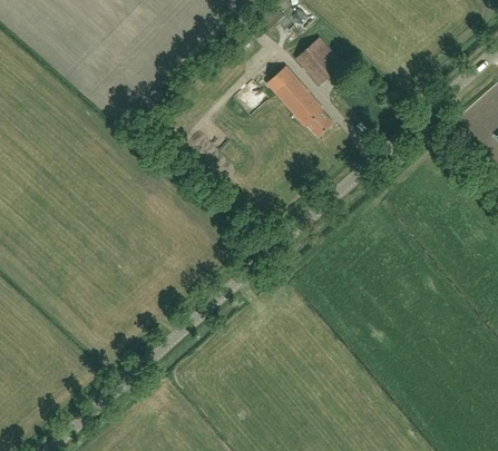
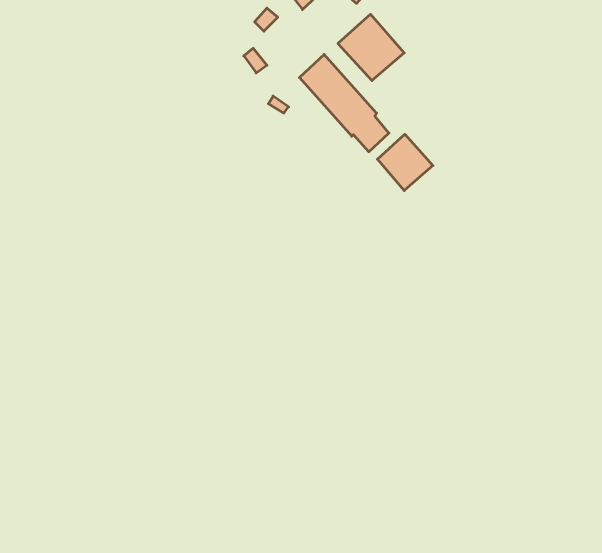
building: none -> [377,134,433,191]

